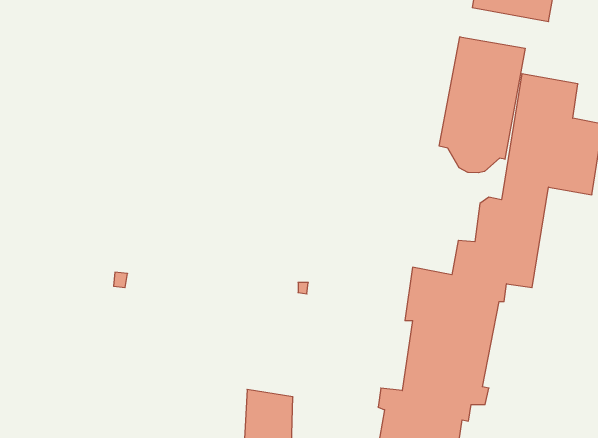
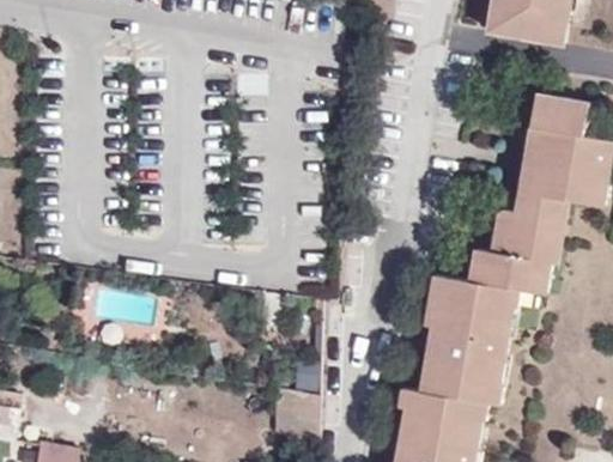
building: [439,37,525,173] -> none

